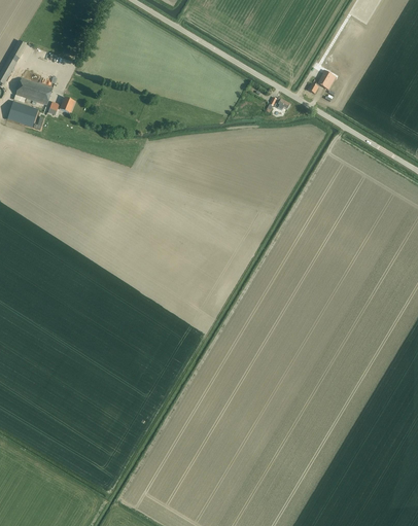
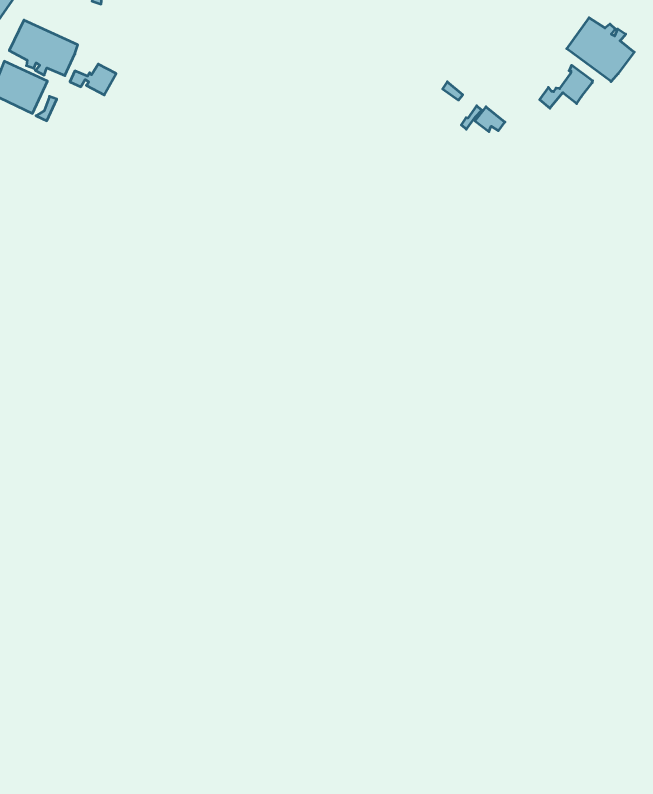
building: none -> [567,18,634,82]

